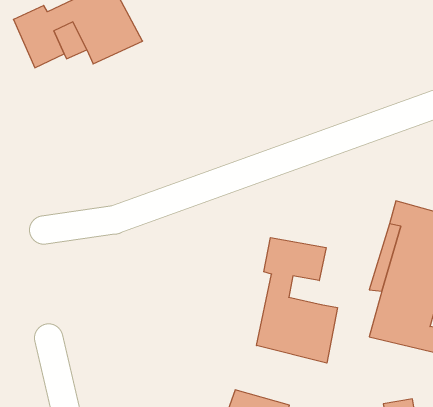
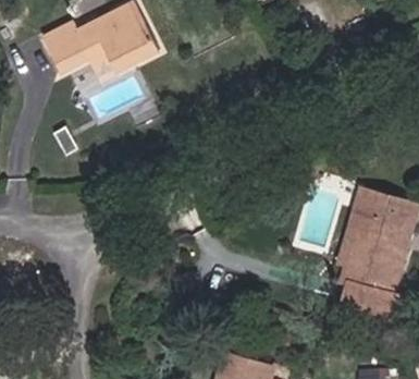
building: [257,238,337,363] -> none

